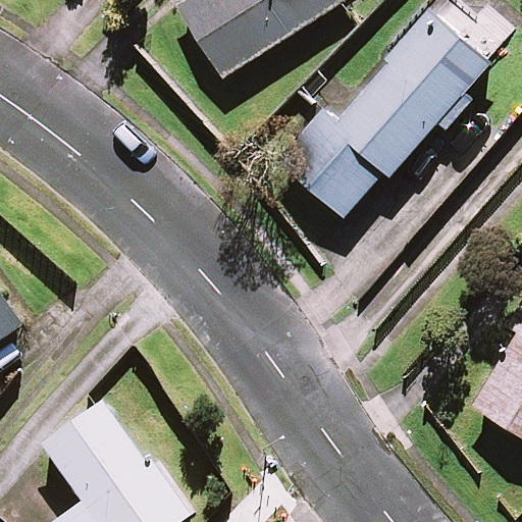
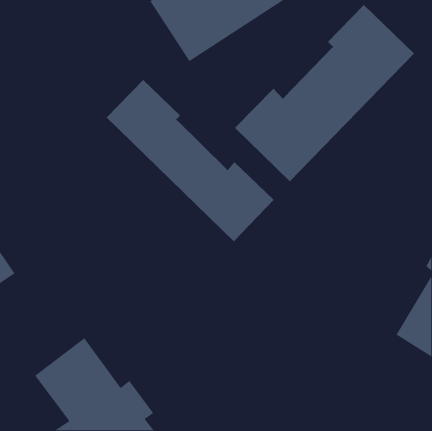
building: none -> [106,79,274,242]

